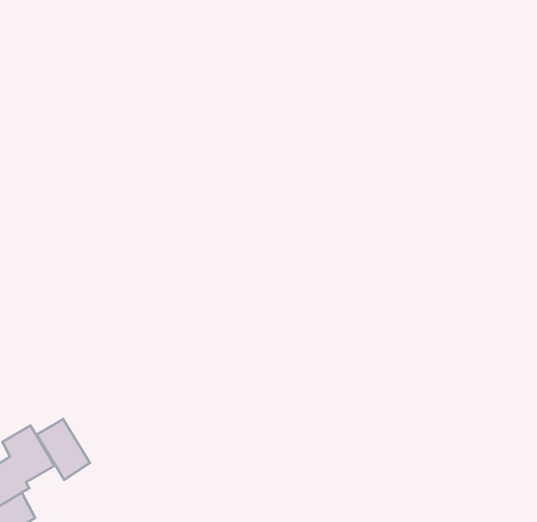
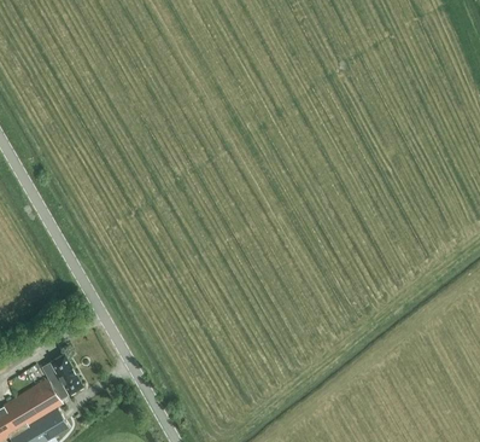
building: [37,419,90,480] -> none

